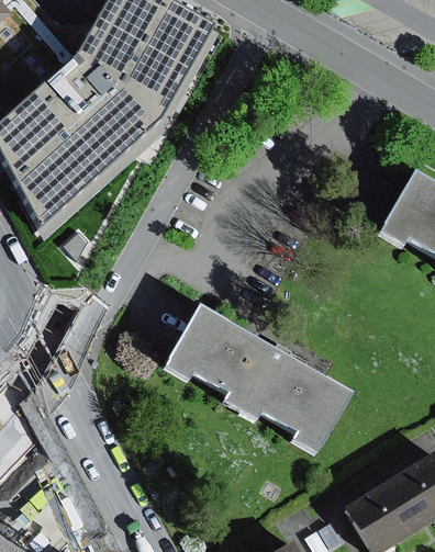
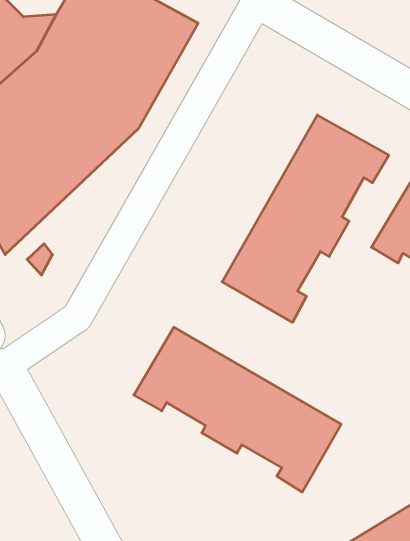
building: none -> [222,115,389,322]

